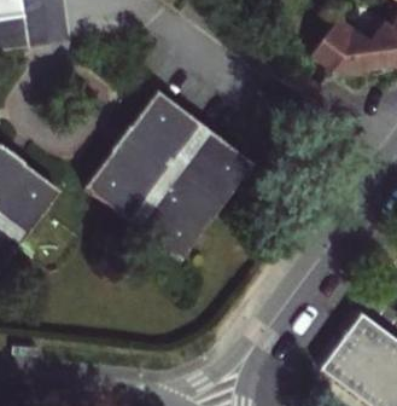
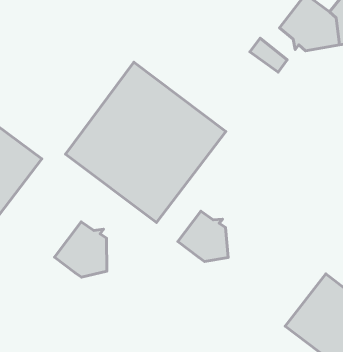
building: none -> [178,211,228,261]
building: none -> [55,222,107,277]

